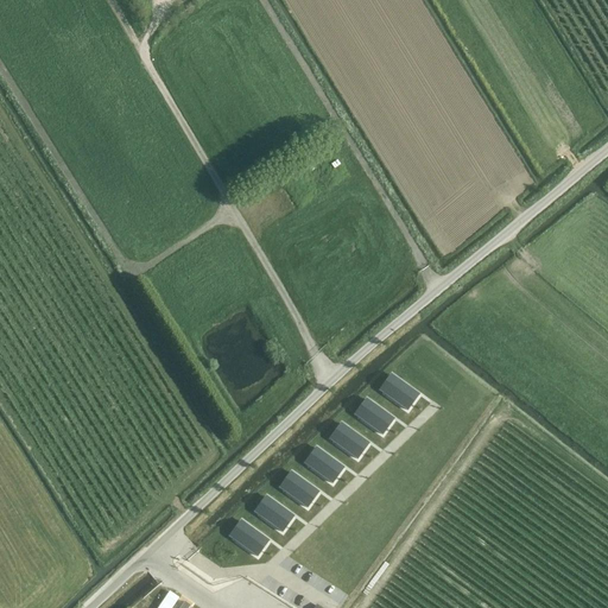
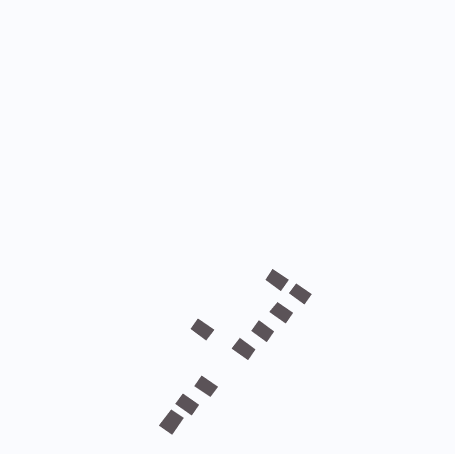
building: none -> [264,268,290,292]
building: [281,473,316,505] -> [190,317,215,341]
building: none -> [158,409,185,436]

